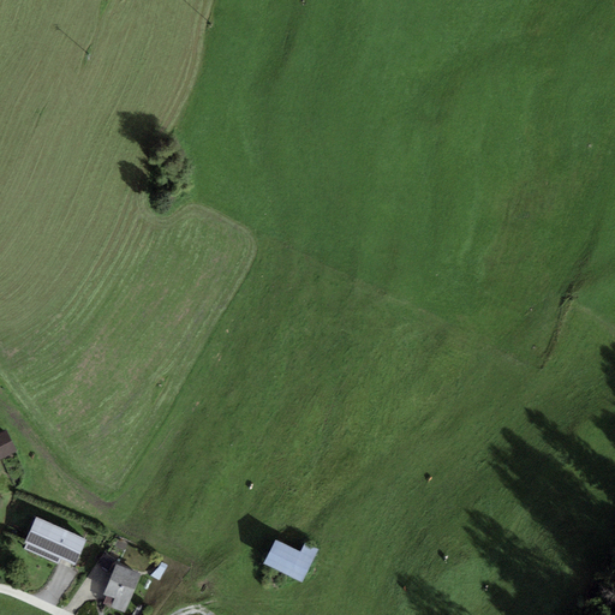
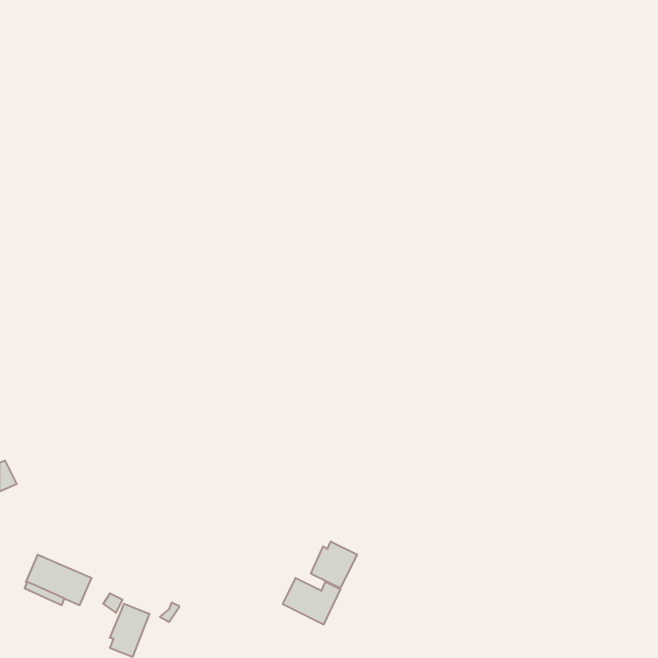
building: none -> [311,541,357,588]

